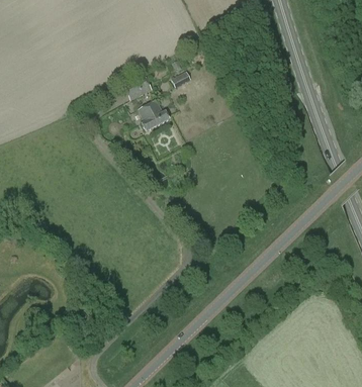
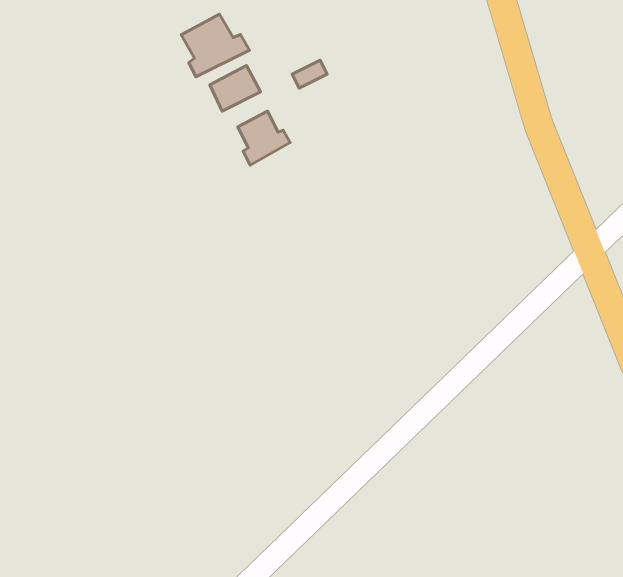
building: none -> [181,14,250,77]

